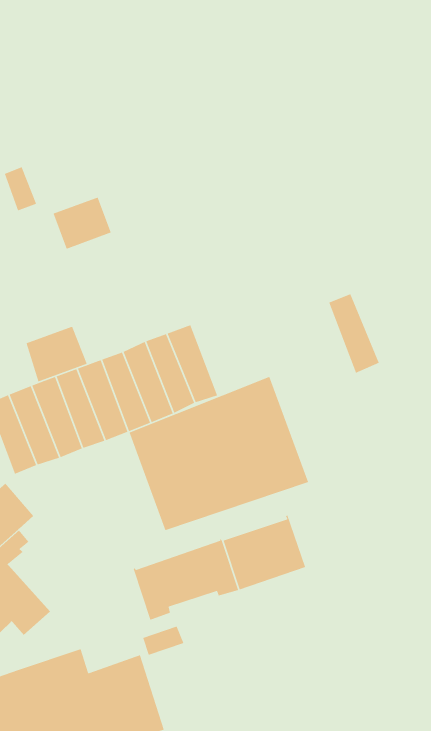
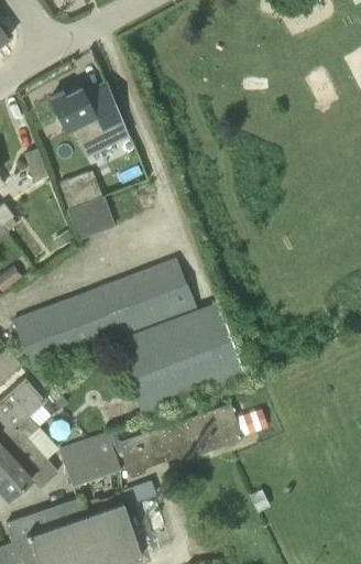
building: none -> [50,80,127,155]
building: [328,293,380,374] -> [160,257,197,315]
building: [26,326,88,382] -> [69,197,114,238]
building: none -> [57,432,119,485]

